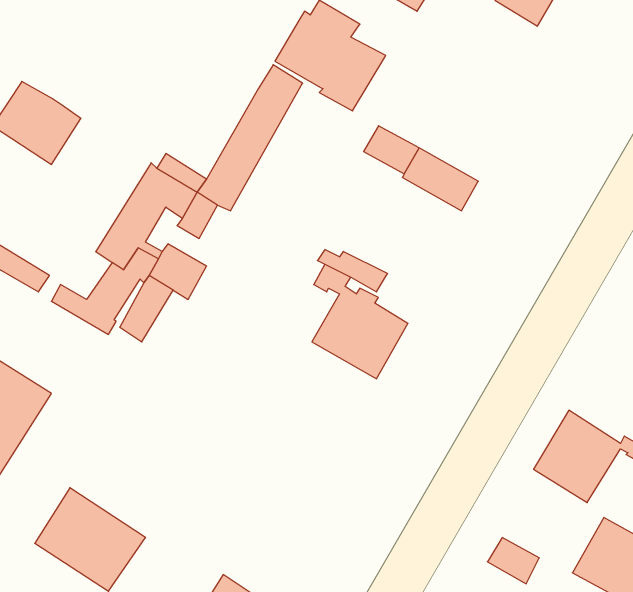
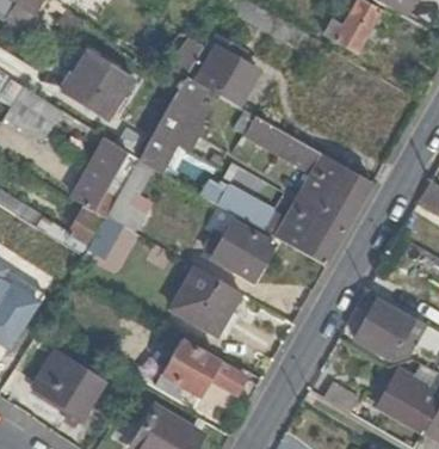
building: none -> [63,54,132,123]
building: none -> [277,155,371,264]
building: none -> [171,265,241,334]
building: none -> [162,339,246,394]

